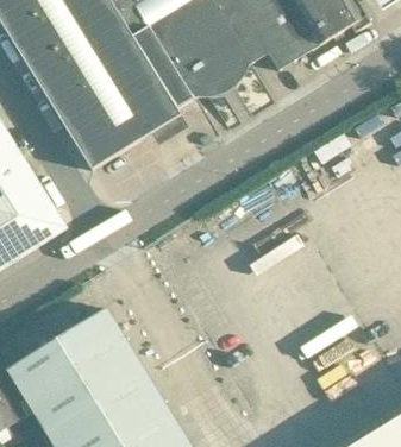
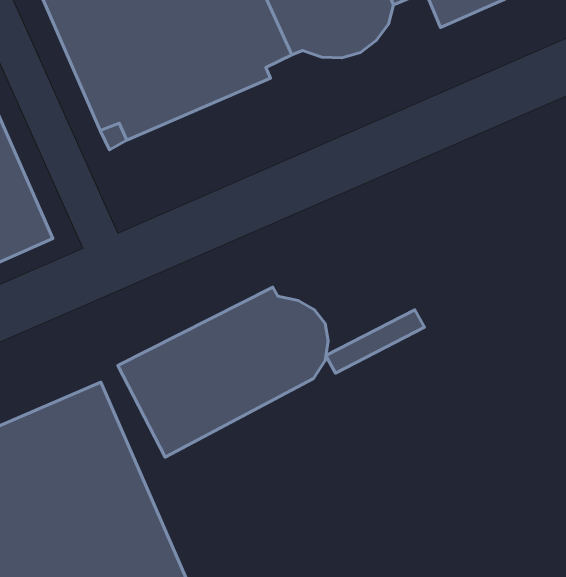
building: none -> [118,287,328,457]

